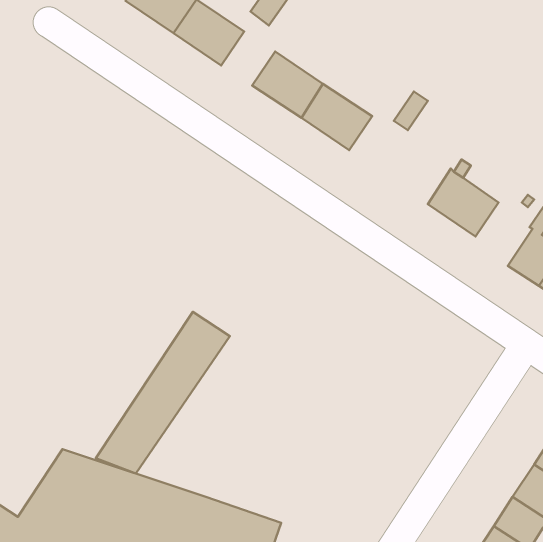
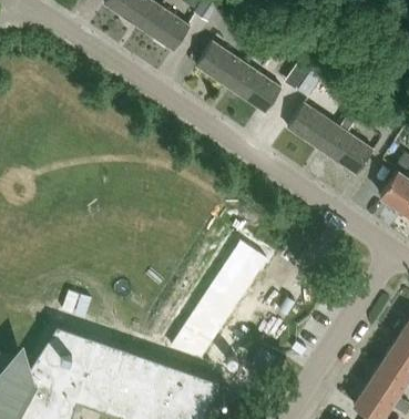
building: none -> [287,103,338,152]
building: [96,312,230,473] -> [172,242,268,358]

